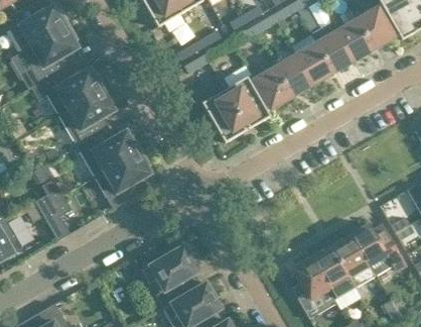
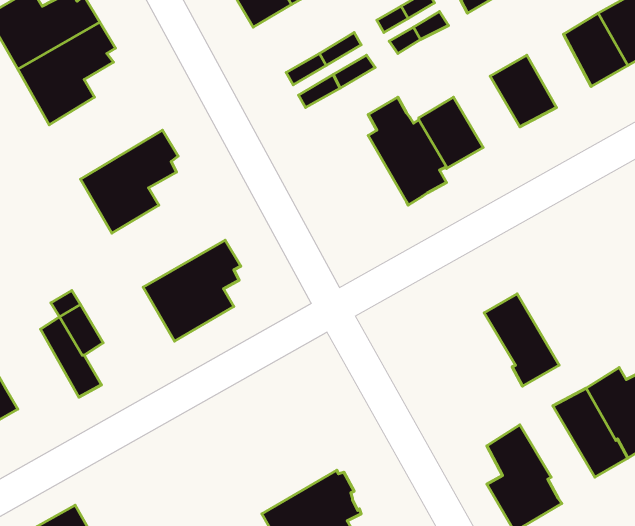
building: [311,26,354,73] -> none
building: [274,54,312,96] -> none
building: [31,67,106,114] -> none
building: [201,89,248,142] -> none
building: [77,129,142,177] -> none
building: [141,244,206,308] -> none
building: [312,245,356,299] -> [484,294,559,386]

